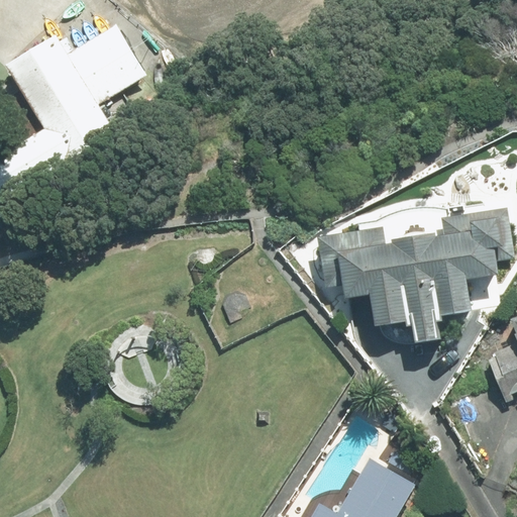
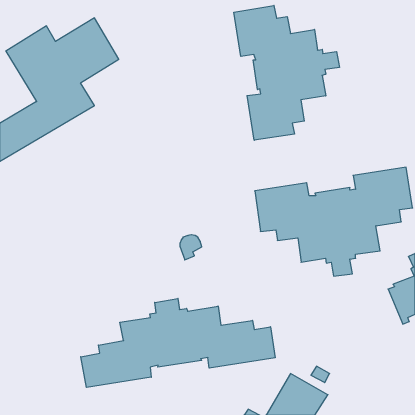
building: none -> [234,5,339,140]
building: none -> [81,298,275,387]

